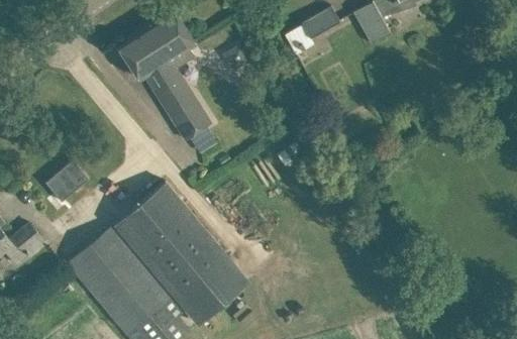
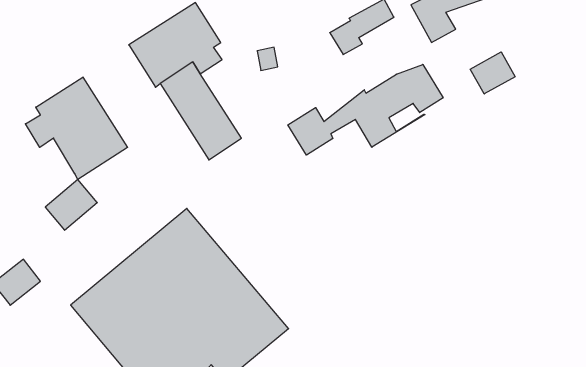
building: none -> [470,52,515,94]
building: none -> [288,64,443,155]
building: none -> [25,77,128,179]

